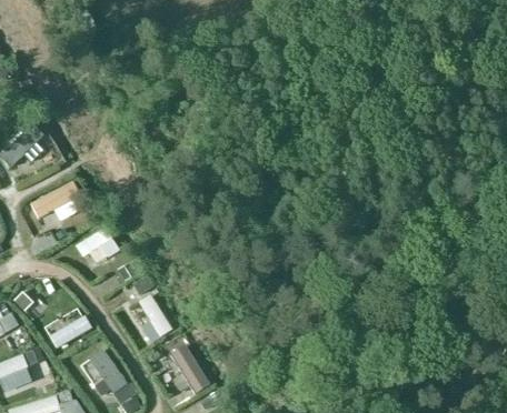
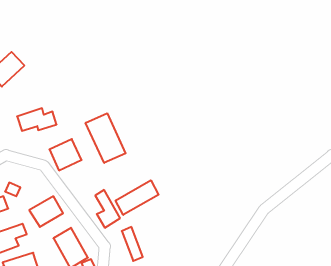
building: none -> [86,113,126,163]
building: none -> [116,180,159,215]

